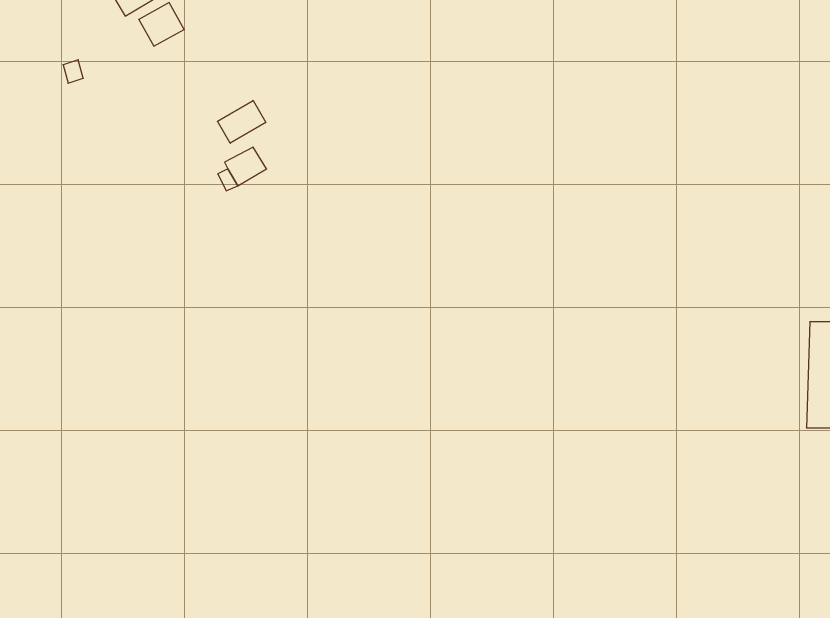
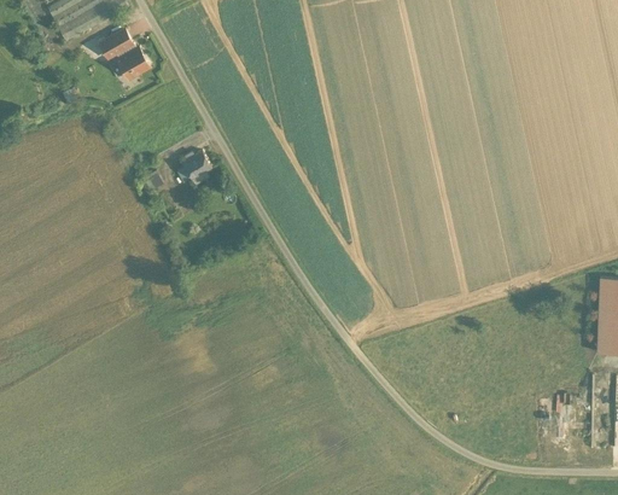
building: [217,100,266,143] -> none

